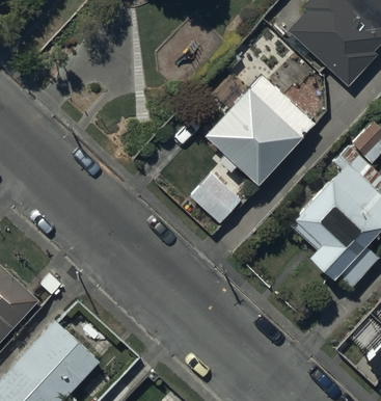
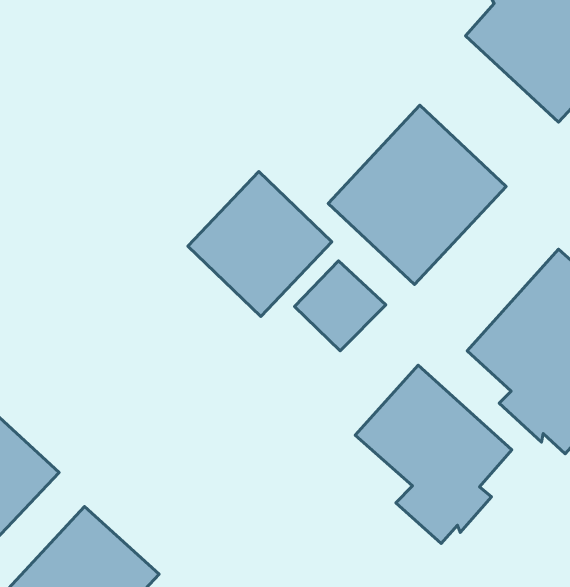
building: none -> [188,172,332,317]
building: none -> [355,365,512,544]

